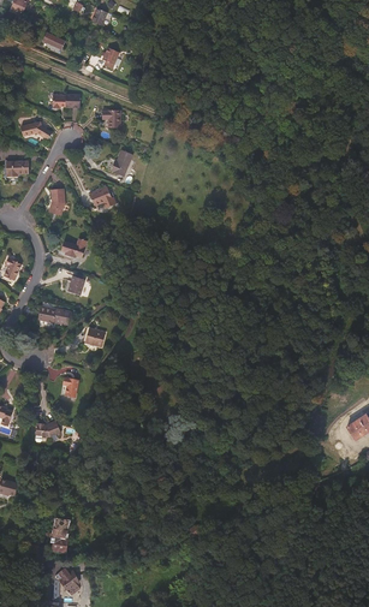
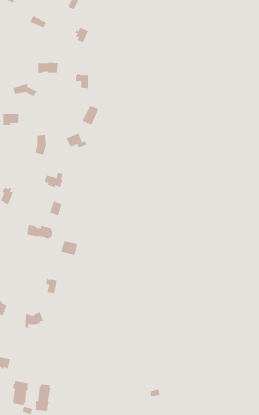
building: none -> [12,380,28,406]

